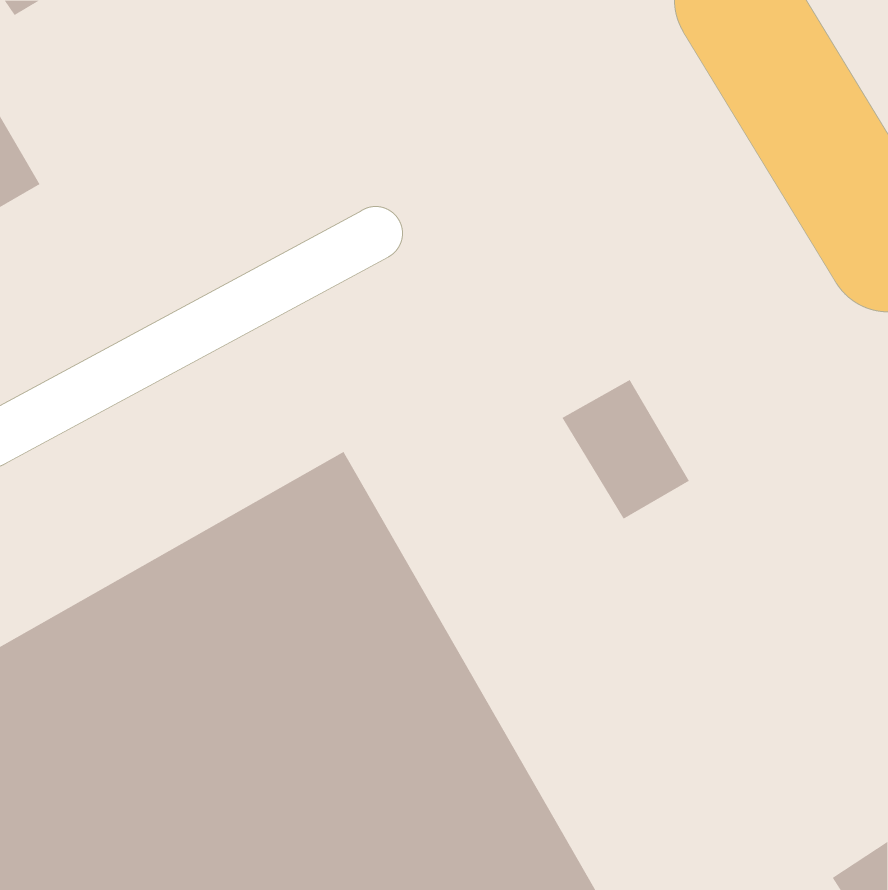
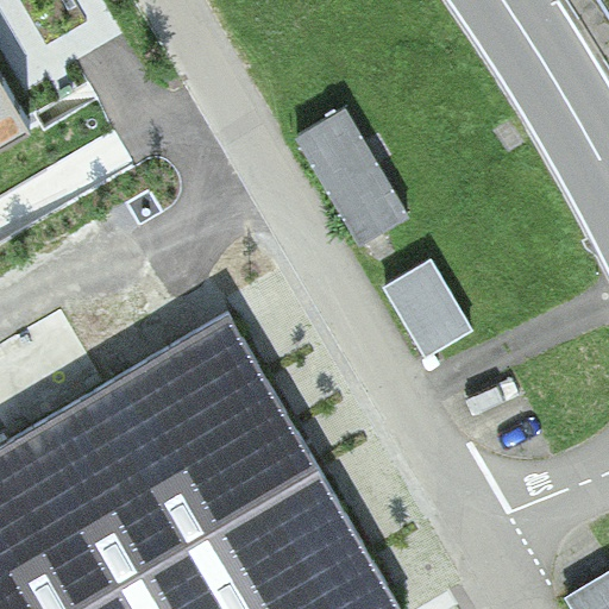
building: none -> [293,111,406,247]

